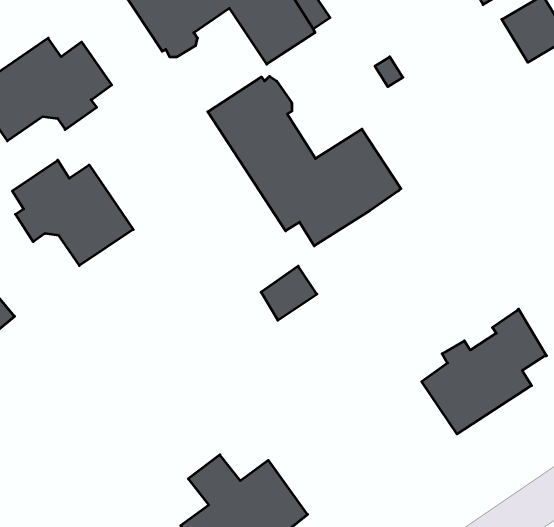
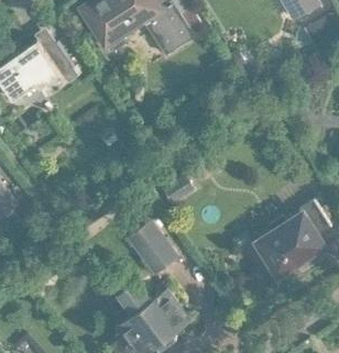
building: [208,76,401,246] -> none
building: [12,160,133,266] -> none
building: none -> [127,220,177,275]

